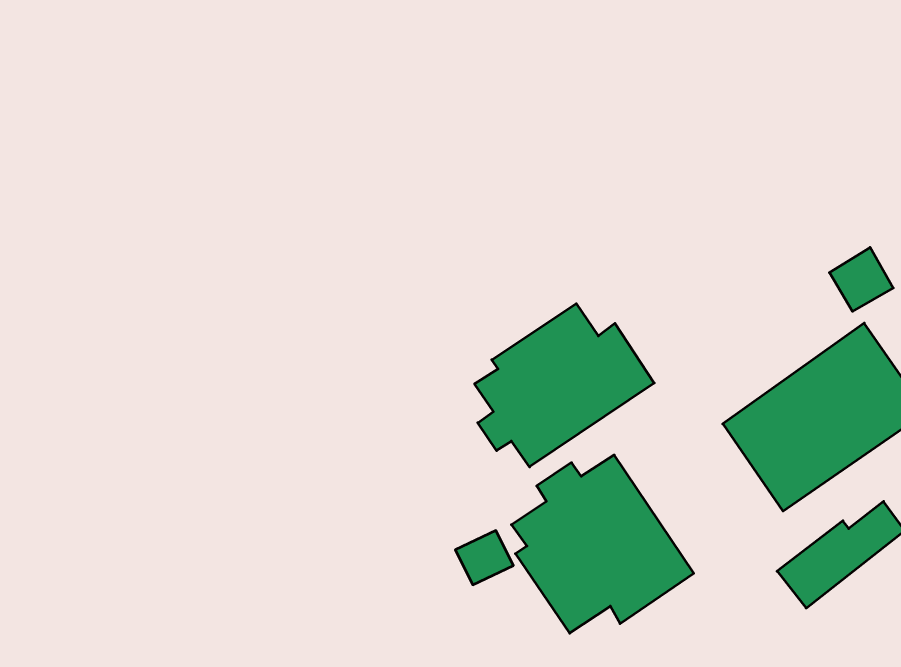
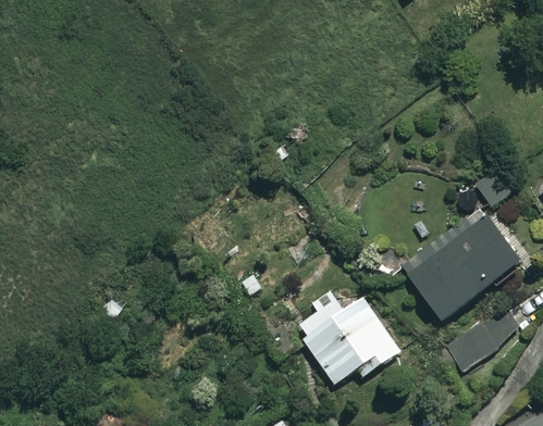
building: [475,304,654,467] -> none

